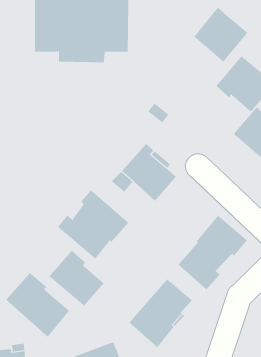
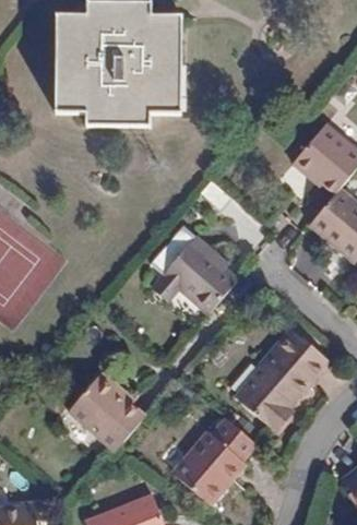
building: [193,7,248,63] -> none
building: [57,189,129,259] -> none
building: [5,272,70,337] -> none

